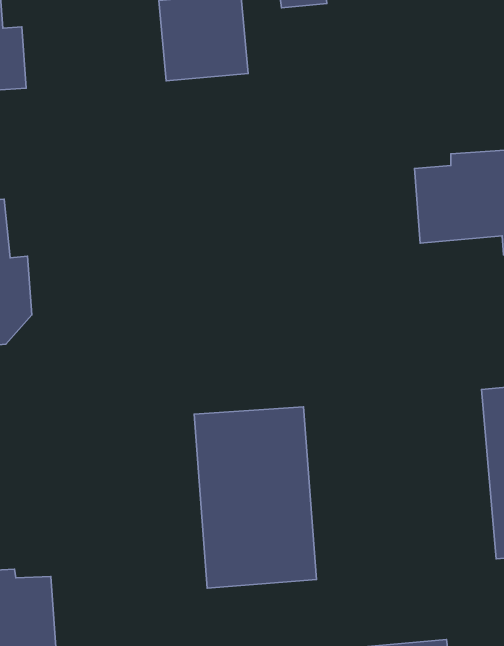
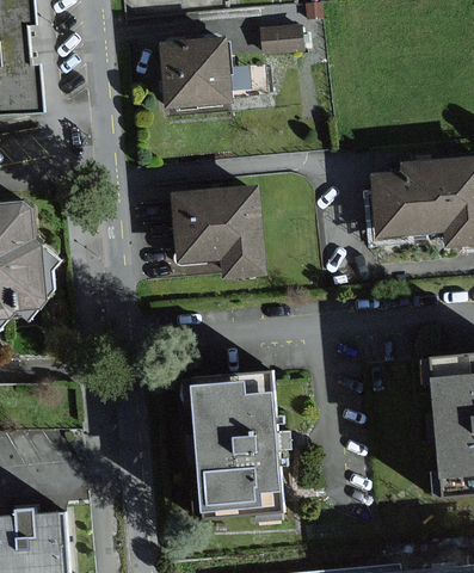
building: none -> [168,185,263,282]

